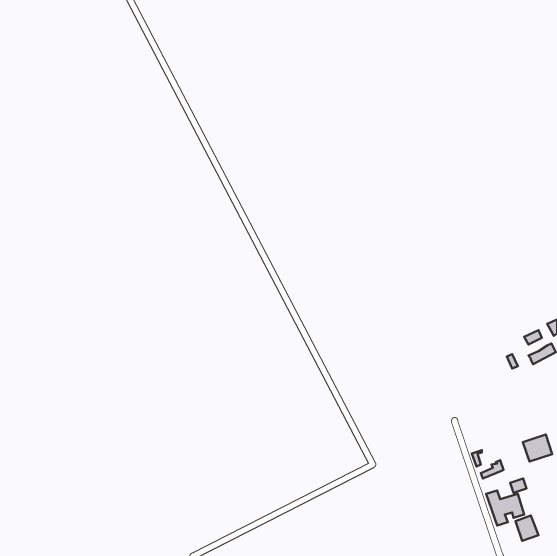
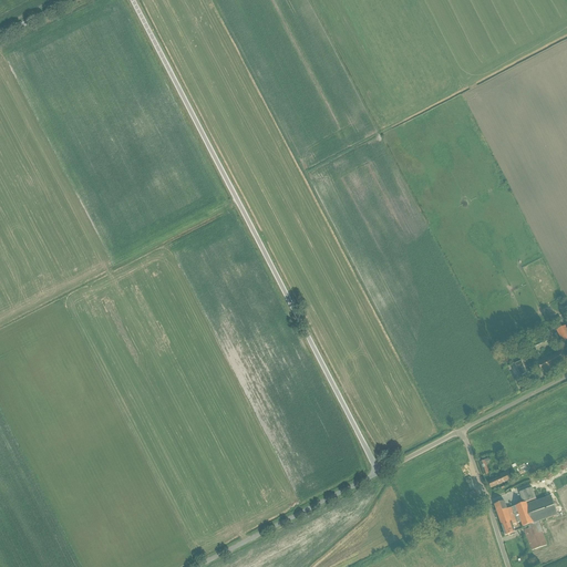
building: [523,434,552,462] -> [527,494,557,522]

